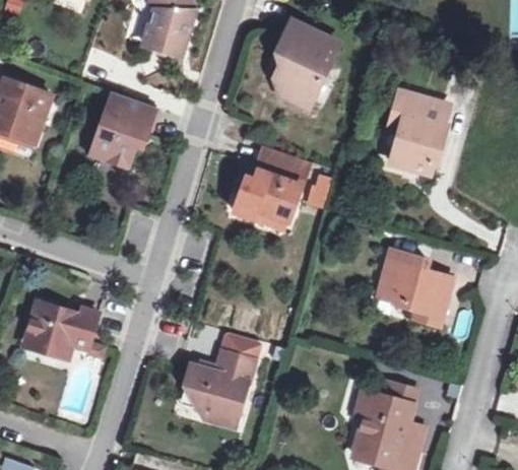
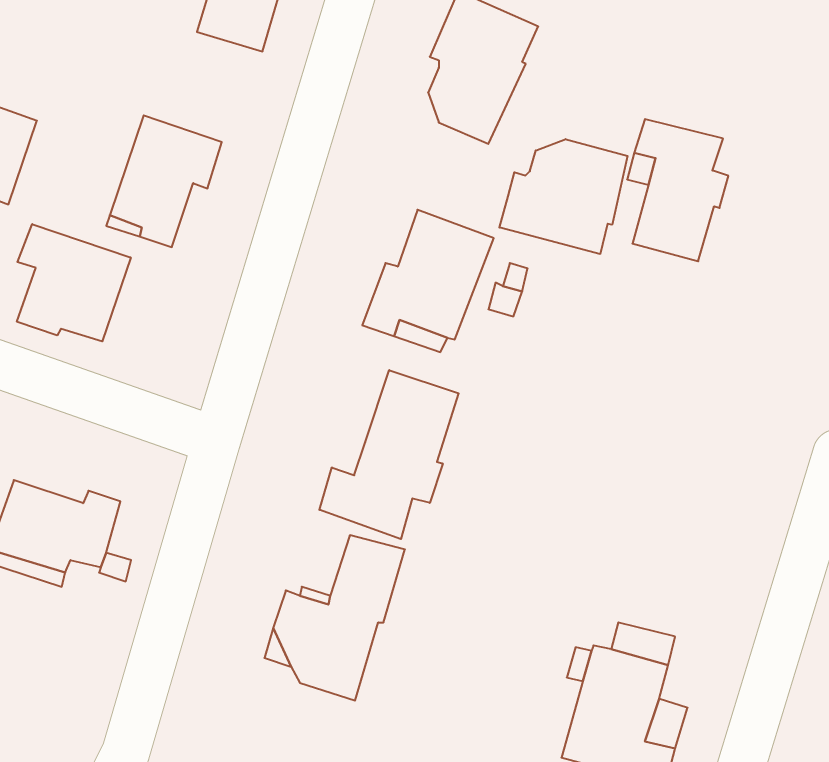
building: none -> [499,139,628,254]
building: none -> [17,224,131,341]
building: none -> [319,370,459,539]
building: [376,251,451,326] -> none

